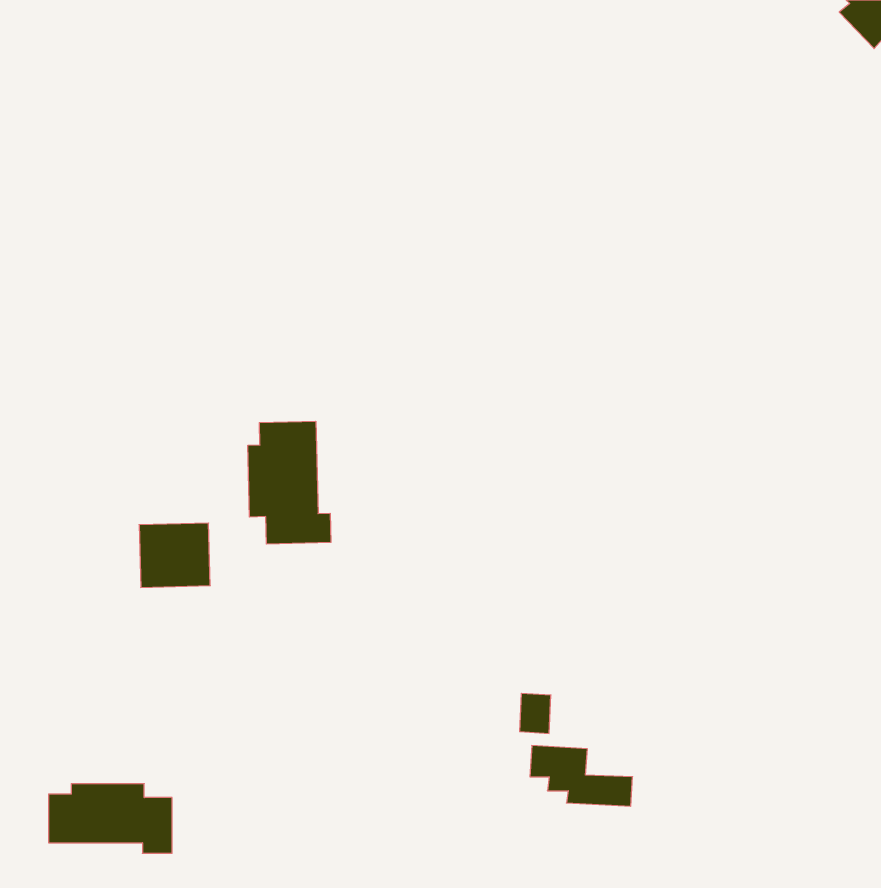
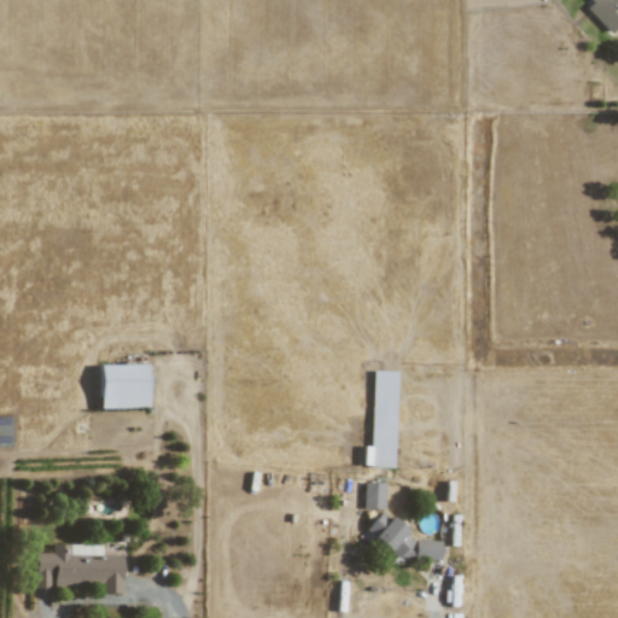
building: [248,421,331,544] -> none
building: none -> [373,371,398,467]

